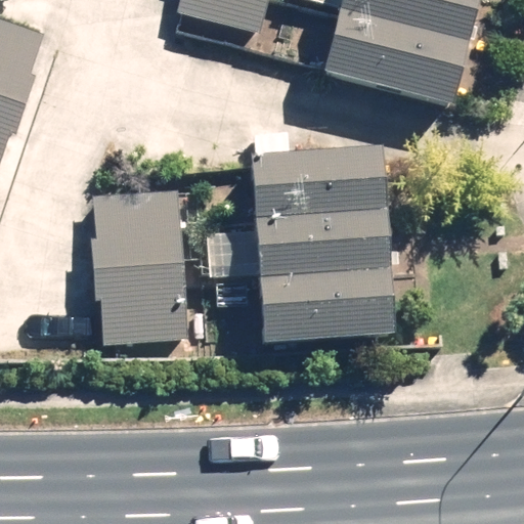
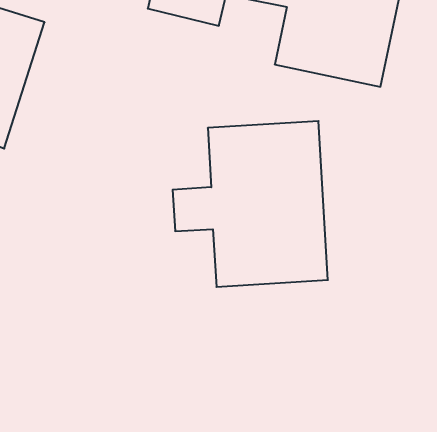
building: [95,188,186,348] -> none

